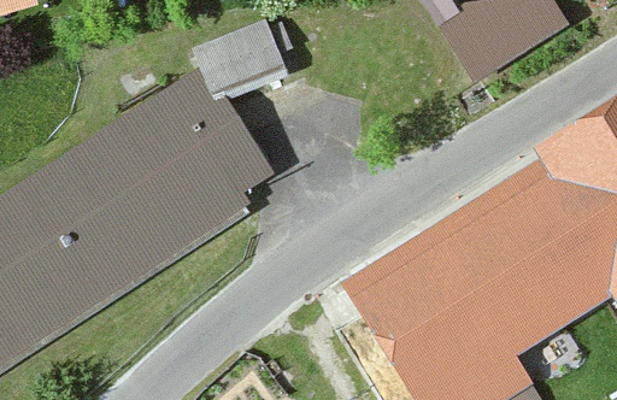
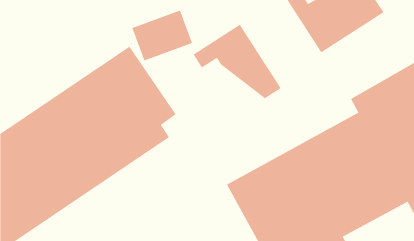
building: none -> [193,24,282,99]

